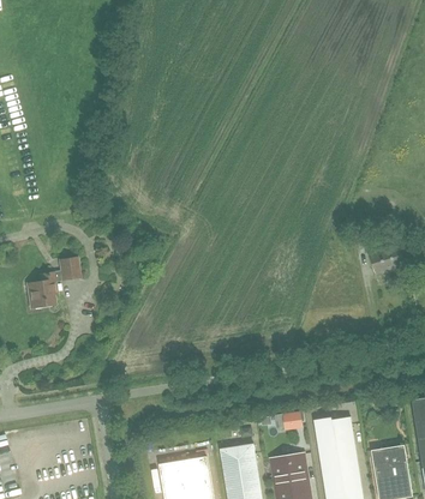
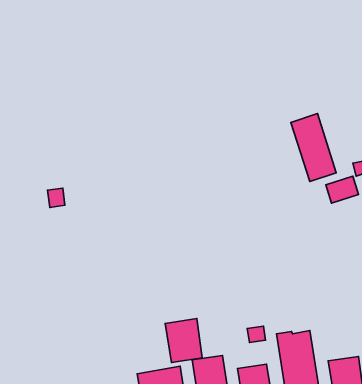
building: none -> [291,114,336,182]
building: [28,272,54,308] -> none
building: none -> [165,318,202,363]

